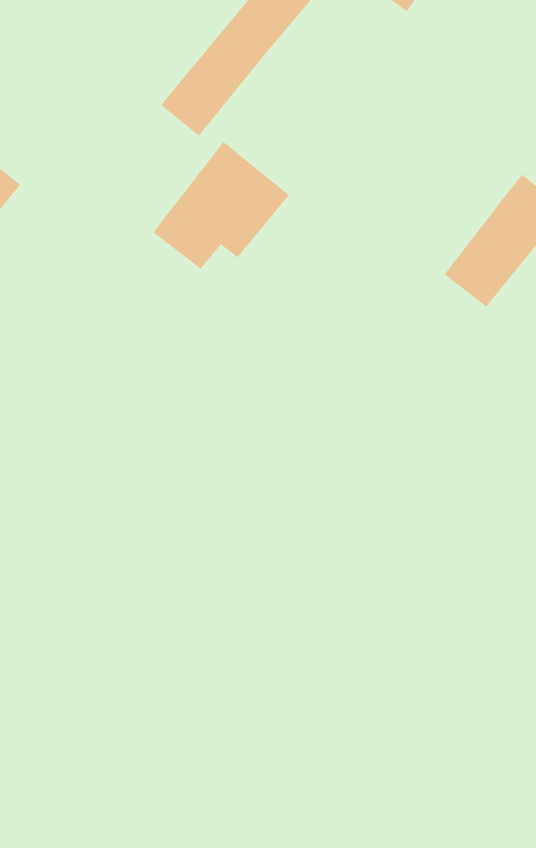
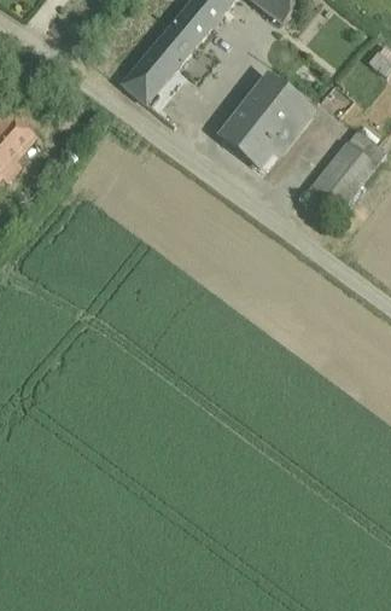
building: [153,141,290,269] -> [222,76,311,159]

